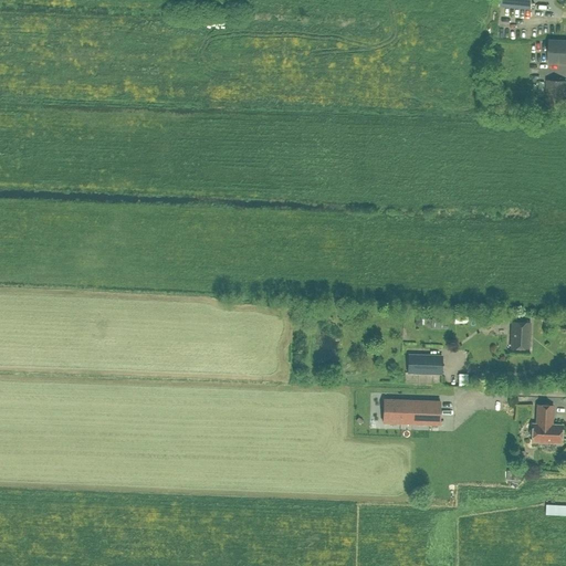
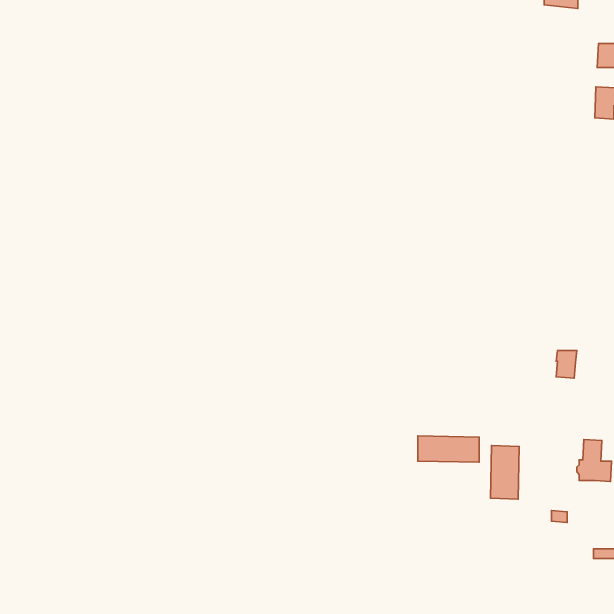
building: [408,353,442,374] -> none
building: none -> [491,445,519,499]

